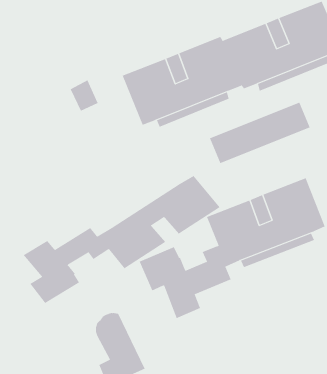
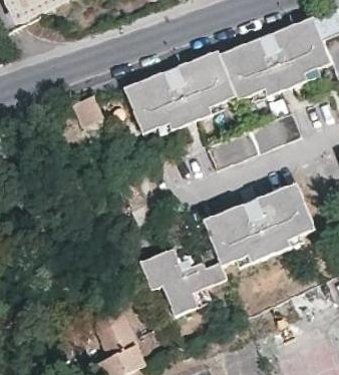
building: [23,175,221,304] -> none

